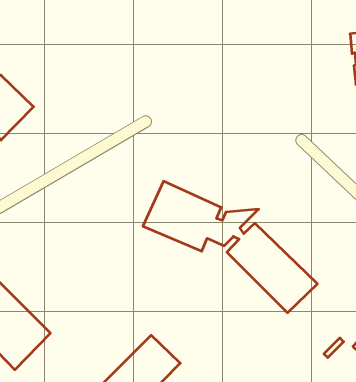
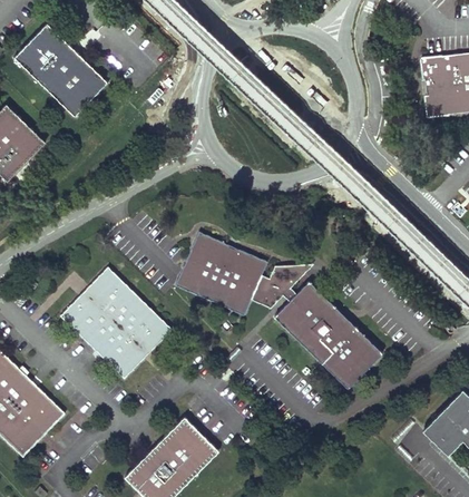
building: none -> [11,22,107,117]
building: none -> [59,266,170,378]

